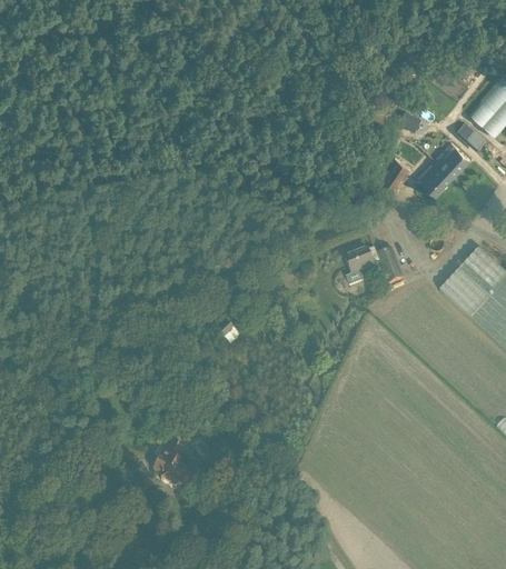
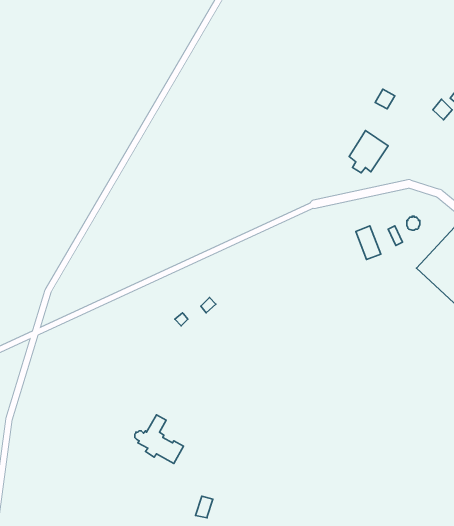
building: [421,144,468,193] -> none
building: [345,249,373,286] -> none

